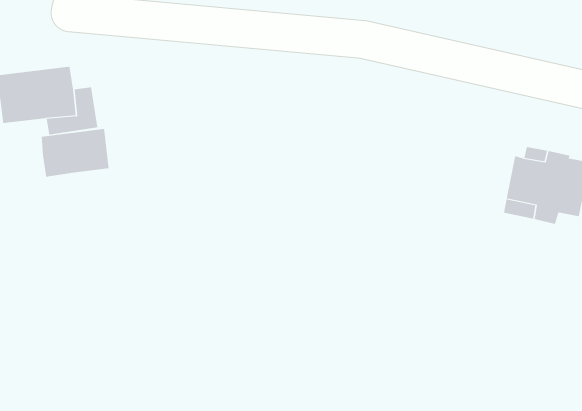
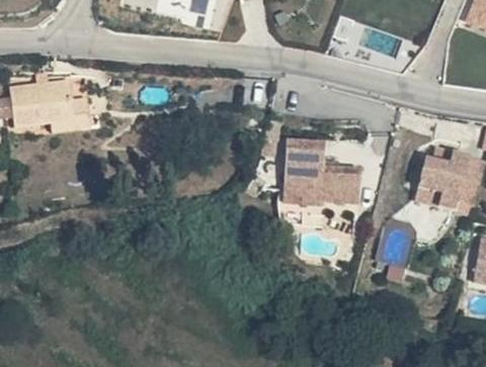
building: [41,128,109,177] -> none
building: none -> [285,141,360,204]

